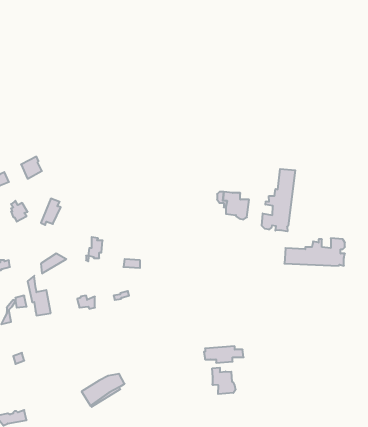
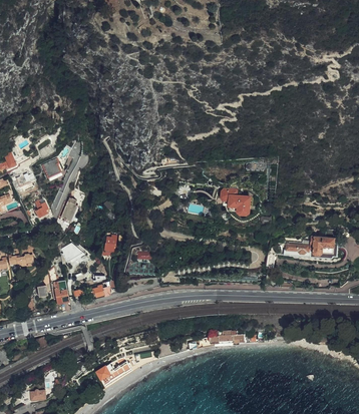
building: [262,169,295,231] -> none
building: [212,368,235,394] -> none

